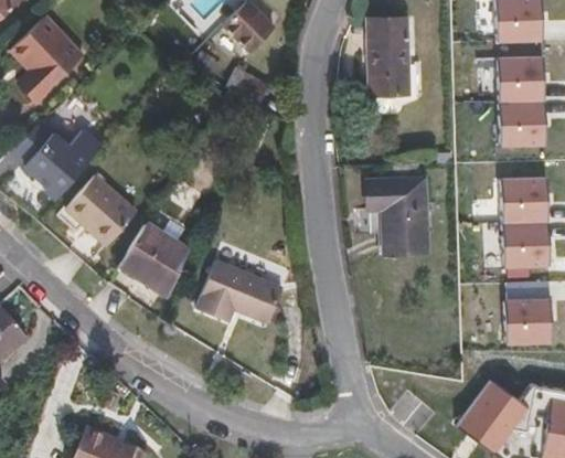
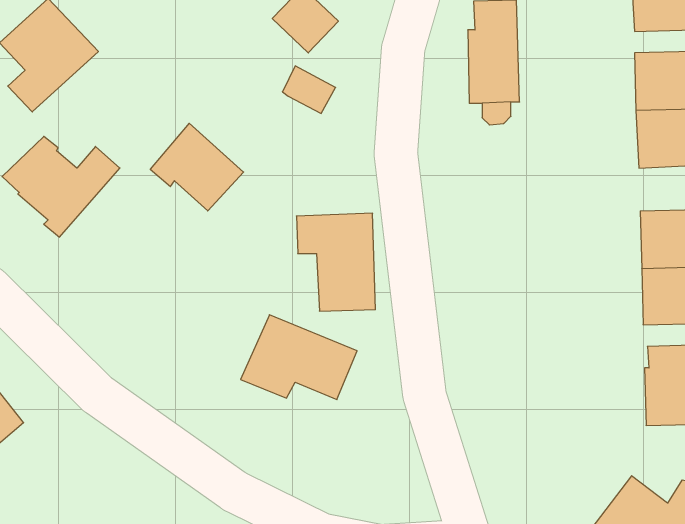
building: [65,174,137,242] -> [150,123,244,211]
building: [366,179,427,254] -> [296,213,375,311]
building: [118,222,188,292] -> none

